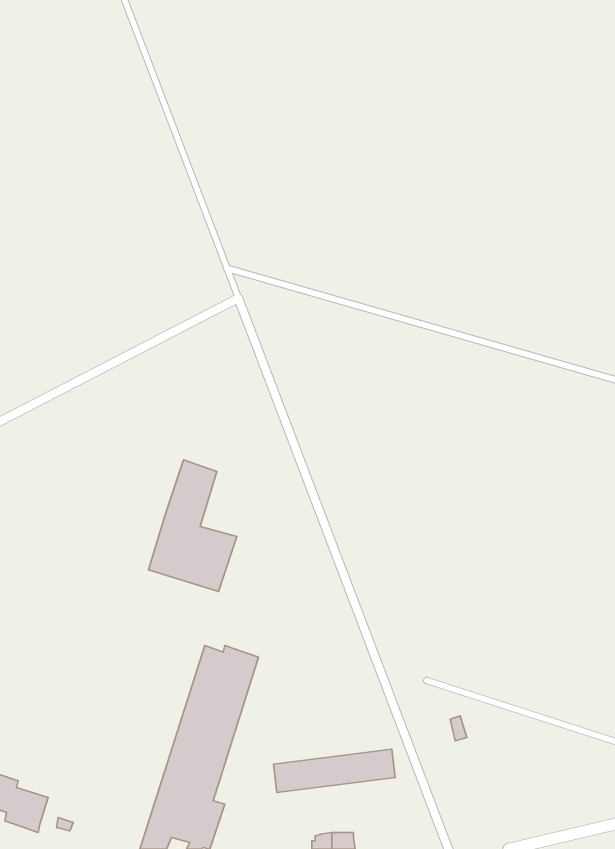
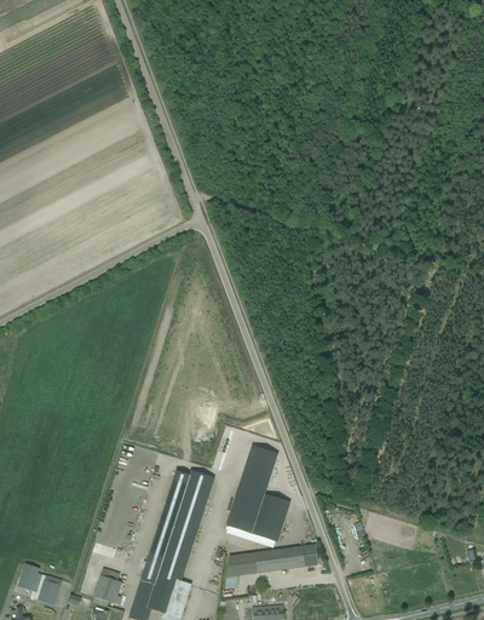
building: [148,460,237,592] -> [226,446,290,541]
building: none -> [93,568,122,605]

